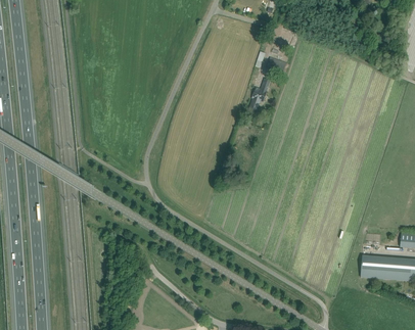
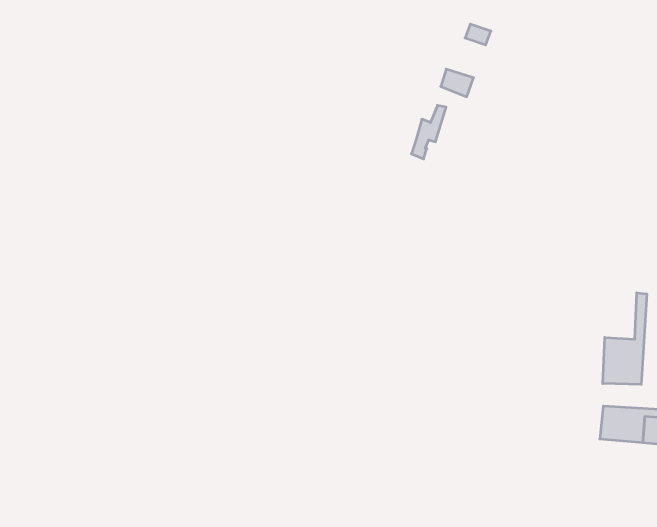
building: none -> [603,293,647,384]

